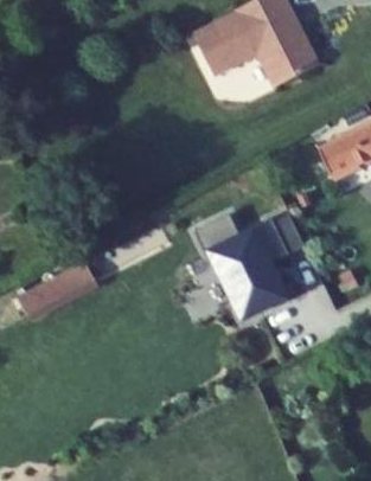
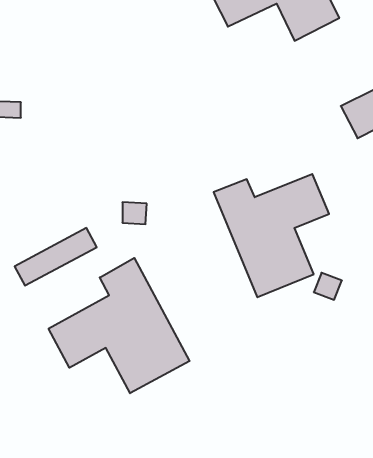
building: none -> [49,258,190,393]

